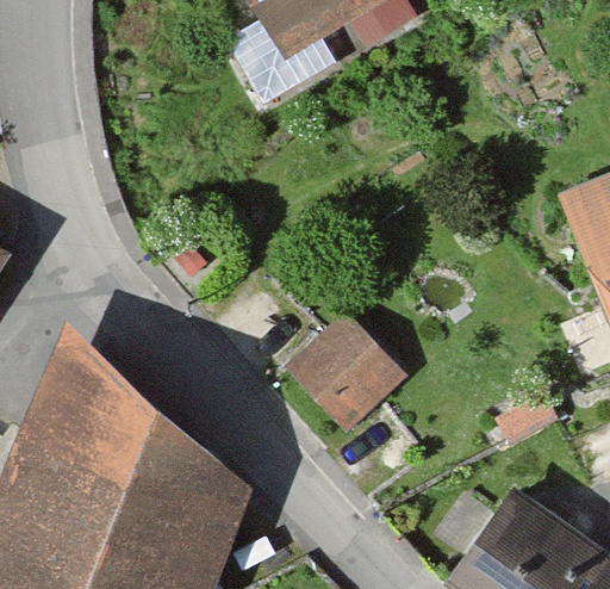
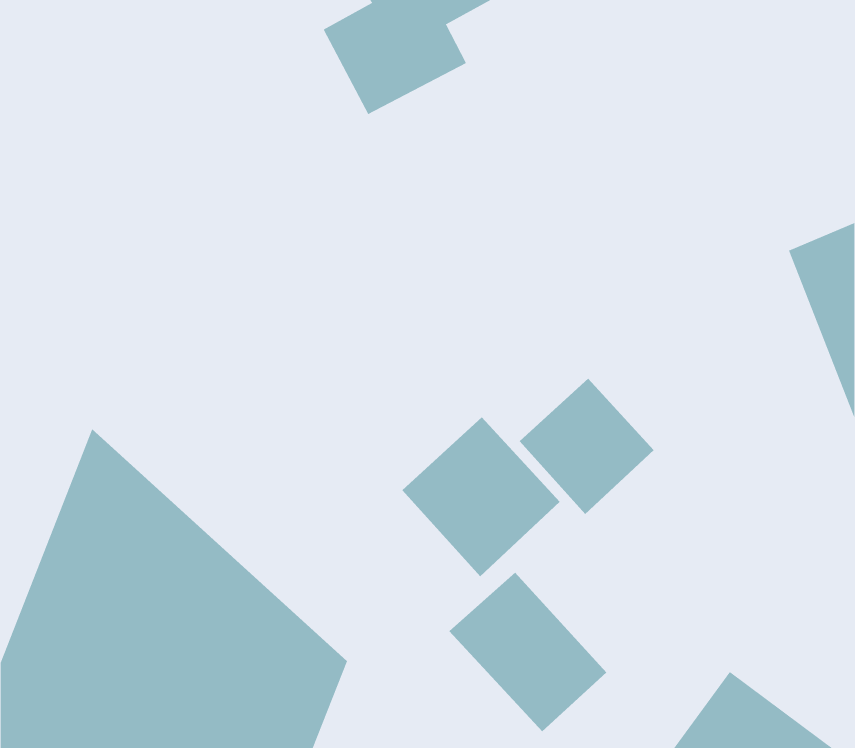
building: none -> [519,378,654,515]
building: none -> [449,572,607,732]

